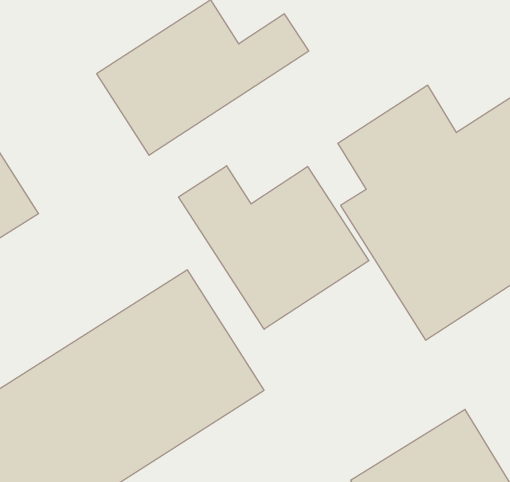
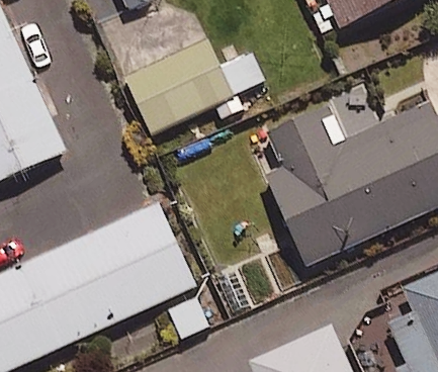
building: [179,166,369,329] -> none

